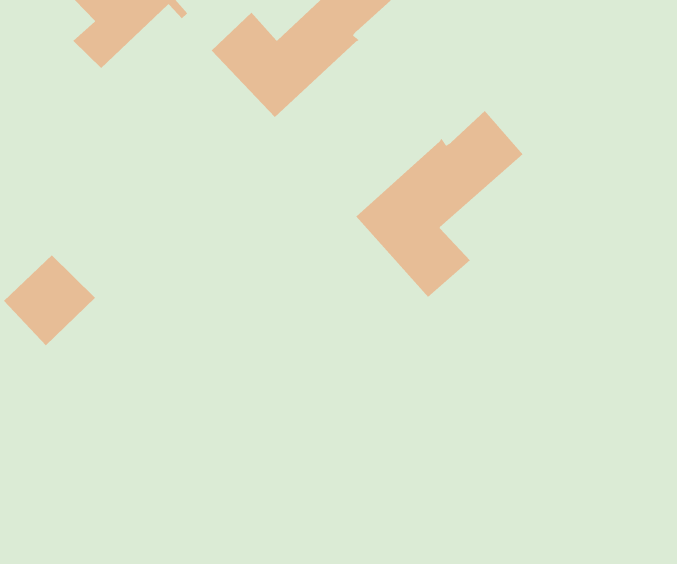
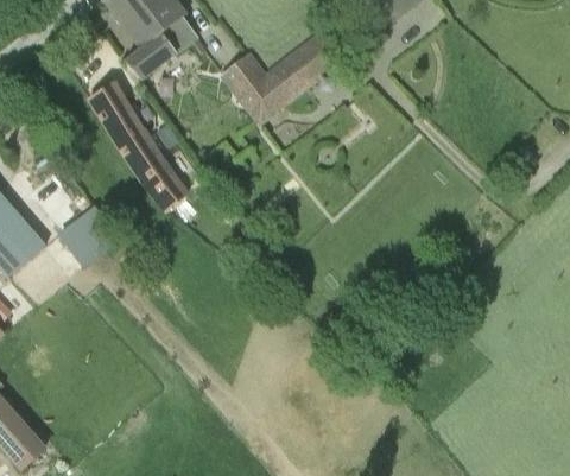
building: none -> [86,78,188,210]
building: [356,110,524,298] -> none

